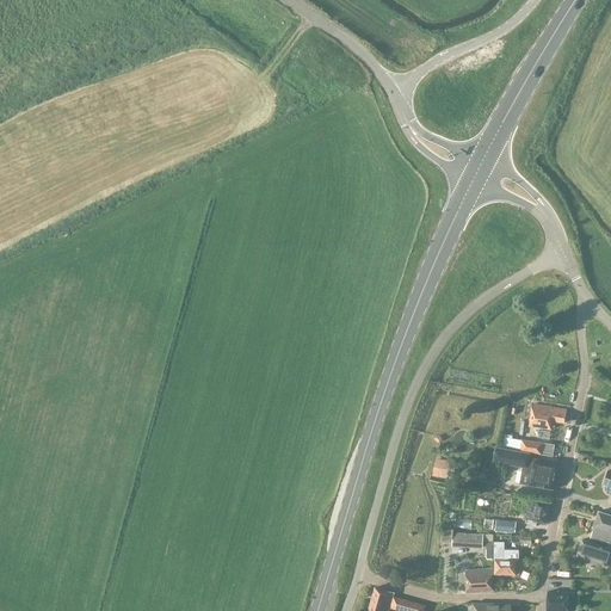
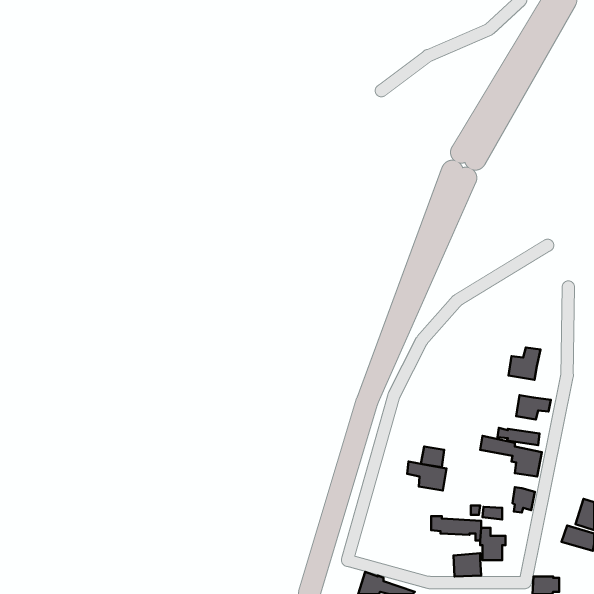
building: none -> [508,347,540,380]
building: none -> [407,461,446,490]

